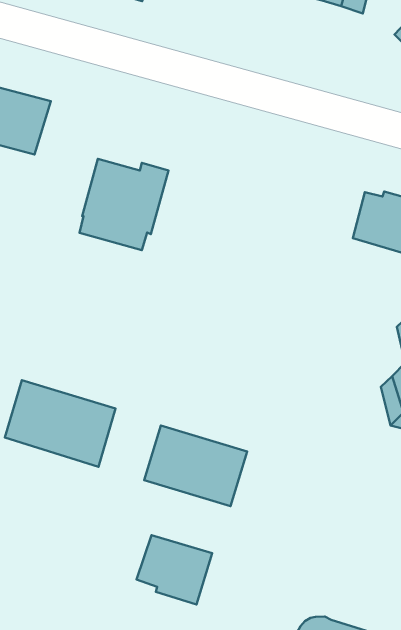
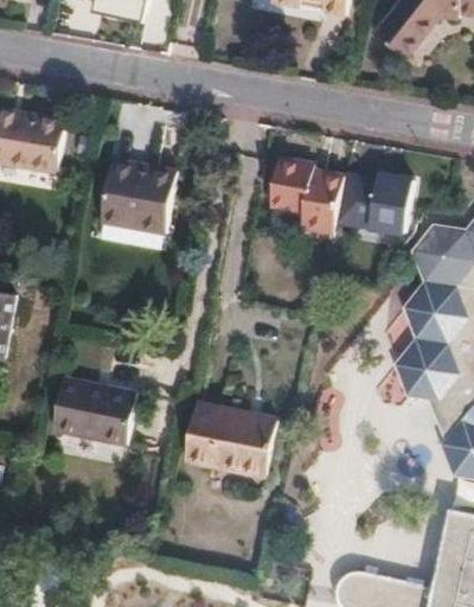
building: none -> [269,160,344,232]
building: [136,535,212,604] -> none

